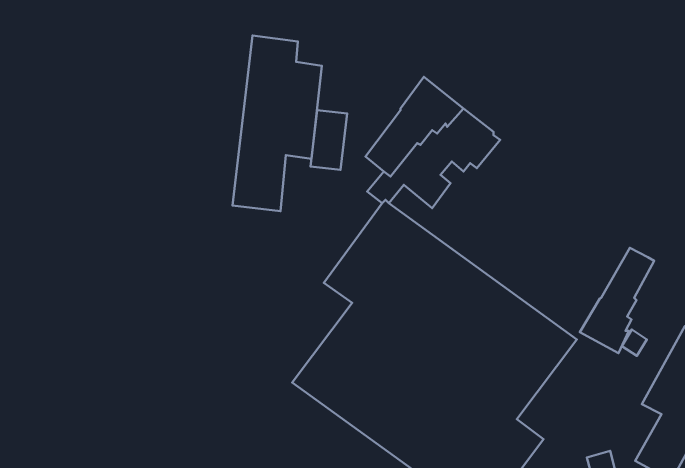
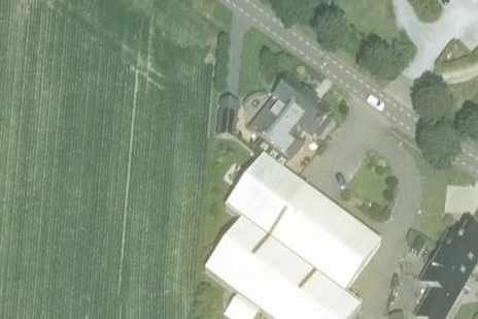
building: [232,36,322,211] -> none
building: [580,248,654,353] -> none

